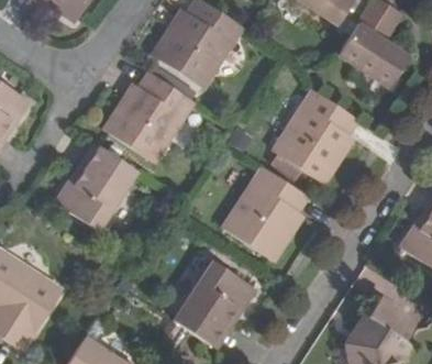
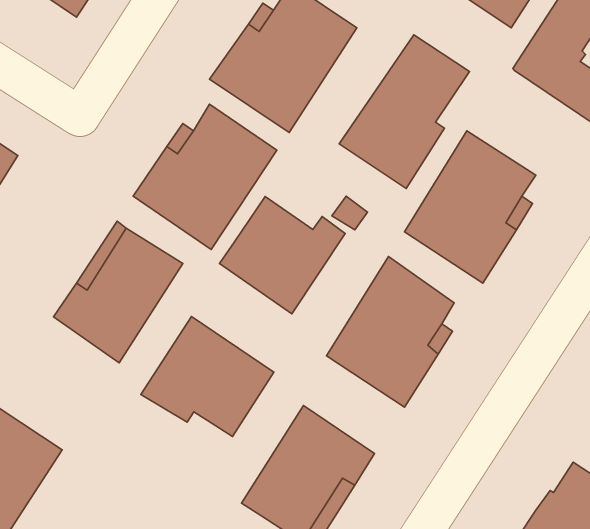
building: none -> [339,35,469,189]
building: none -> [220,197,345,314]
building: none -> [141,316,274,437]

